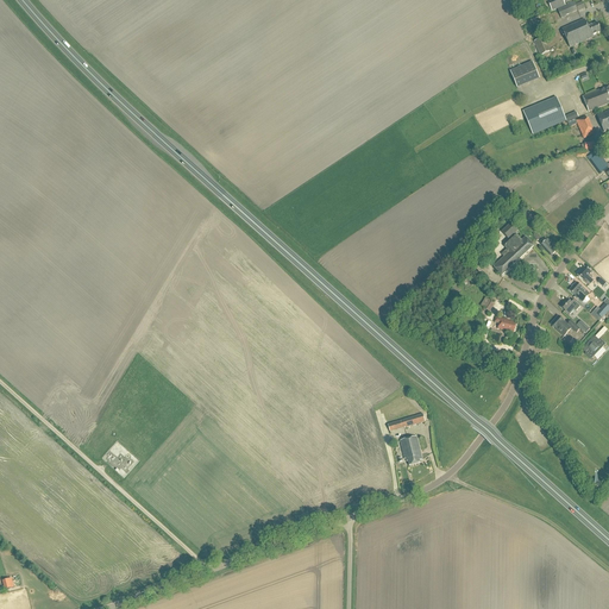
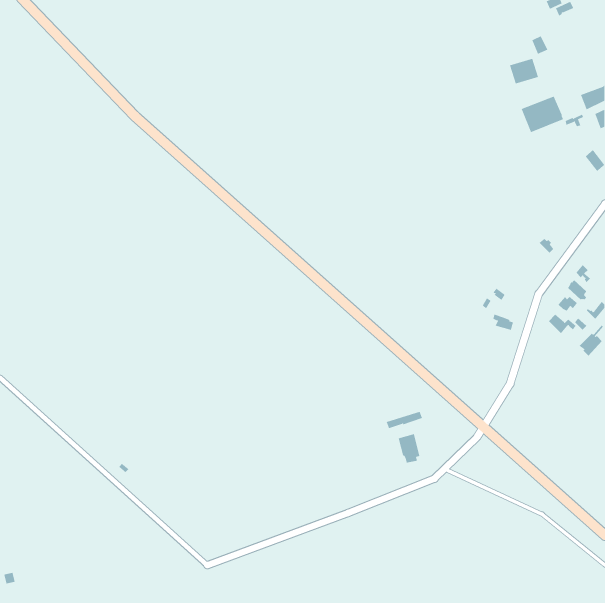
building: [561,18,601,46] -> none
building: [494,221,534,275] -> none

